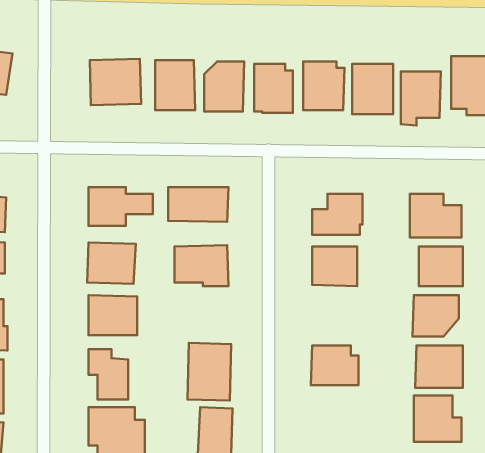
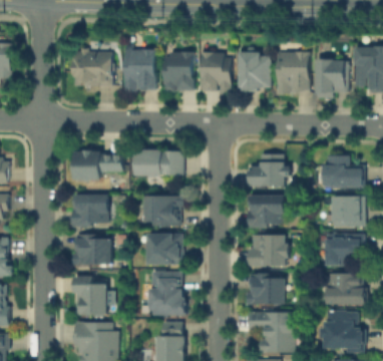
building: none -> [145,234,182,266]
building: none -> [248,236,286,268]
building: none -> [247,314,293,353]

